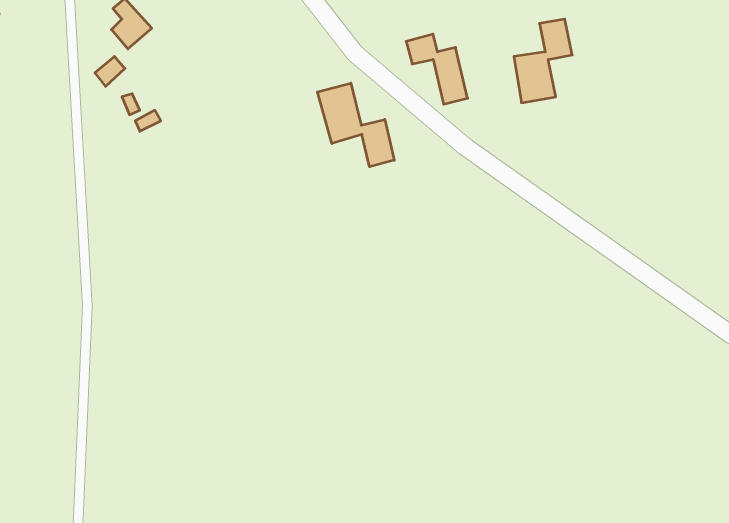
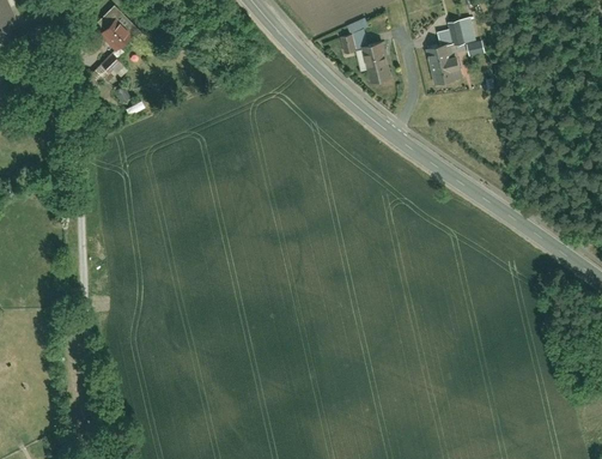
building: [317,83,394,167] -> none

